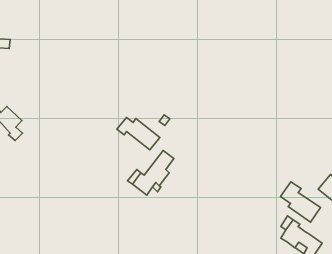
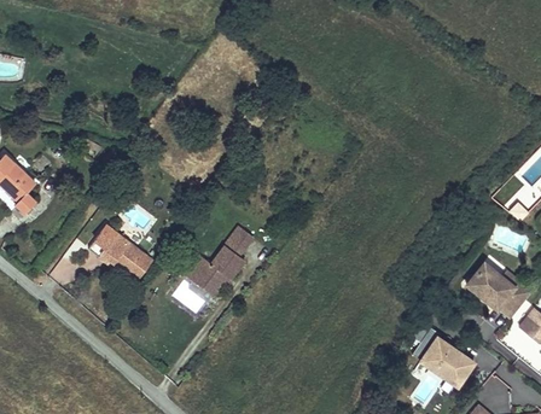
building: [117,118,160,150] -> [89,234,152,281]
building: [280,182,320,222] -> none

